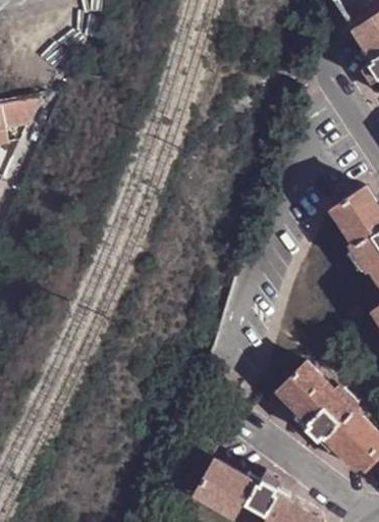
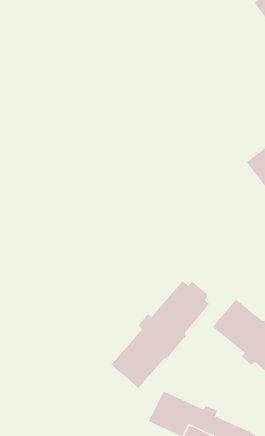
building: none -> [110,280,210,389]

